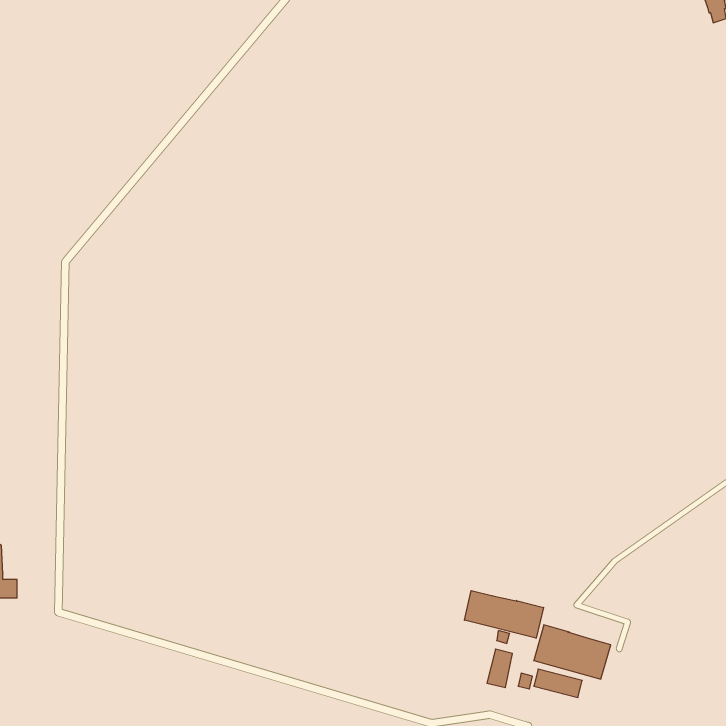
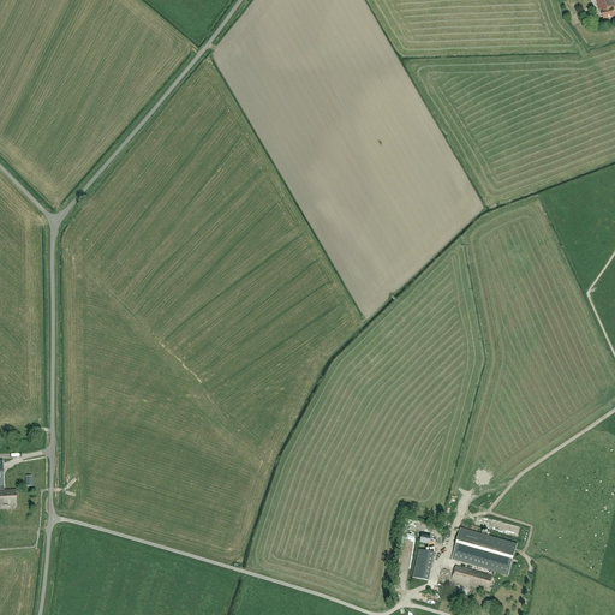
building: [464,591,544,638] -> none

